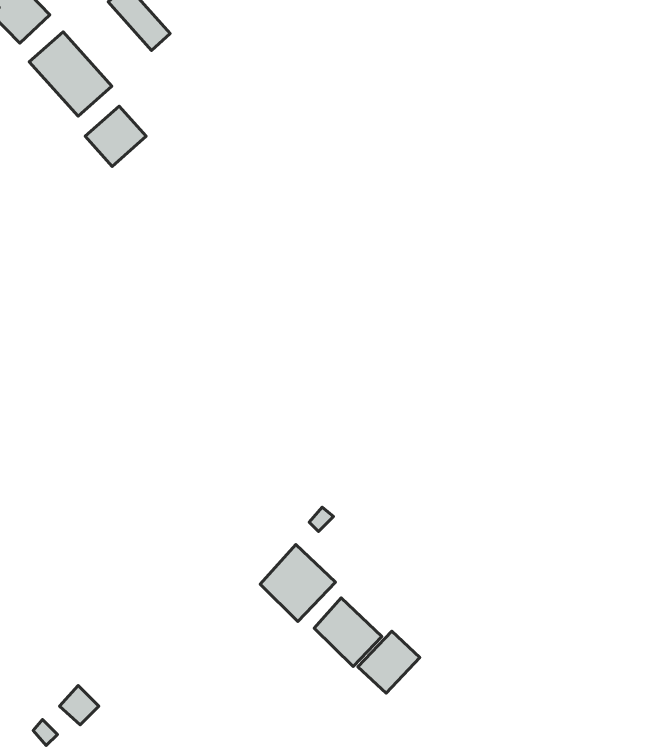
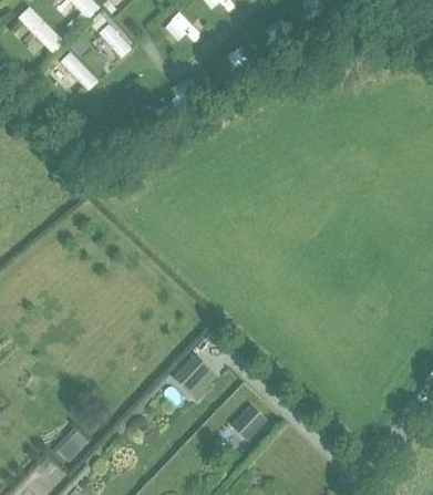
building: [85,106,146,166] -> none
building: [314,598,382,667] -> none

